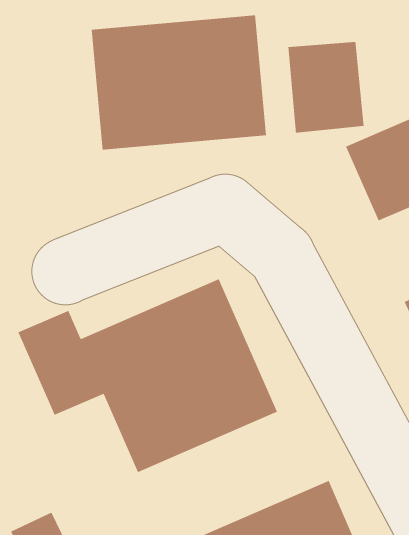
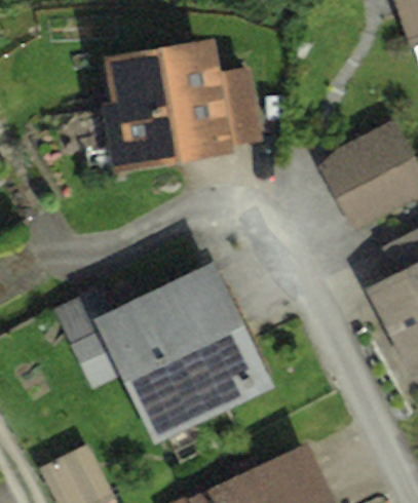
building: [288,41,364,133] -> none

